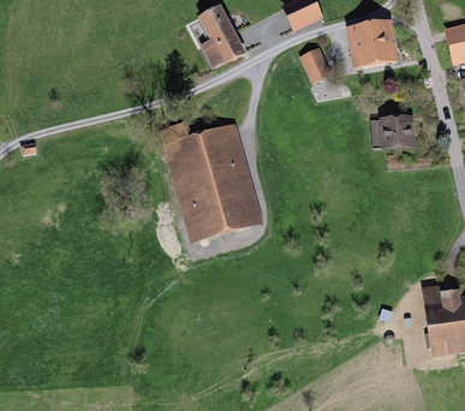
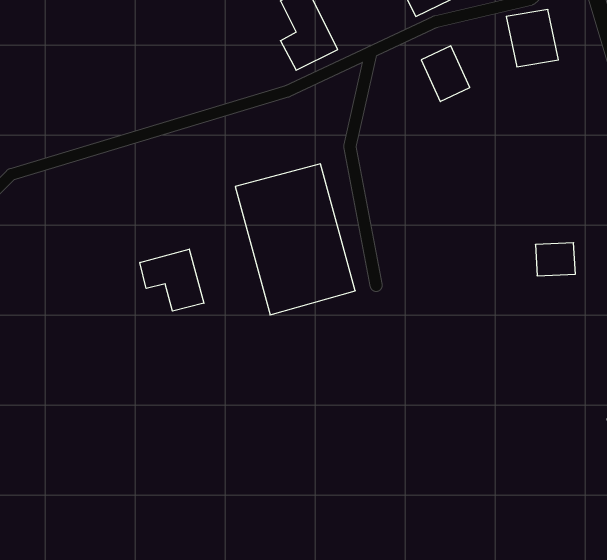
building: [382,121,410,144] -> [535,243,575,276]
building: none -> [140,249,204,311]

